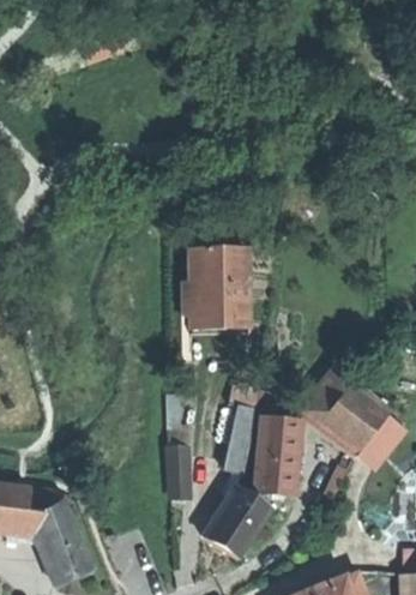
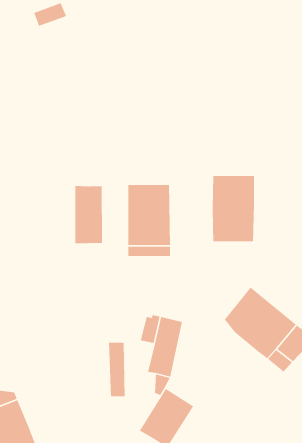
building: none -> [212,175,255,242]
building: none -> [74,185,103,244]
building: [258,417,300,494] -> none

